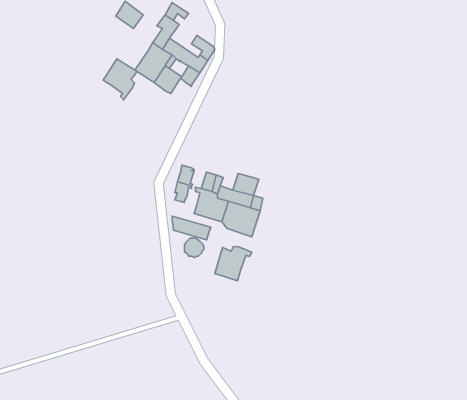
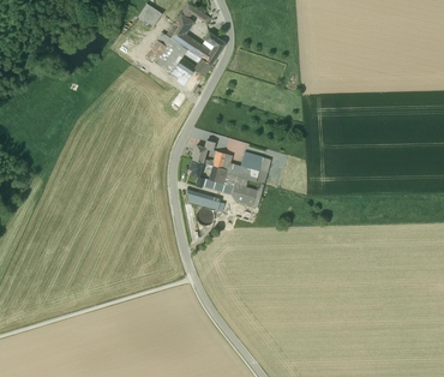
building: [103,59,137,100] -> none
building: [215,247,252,281] -> none

